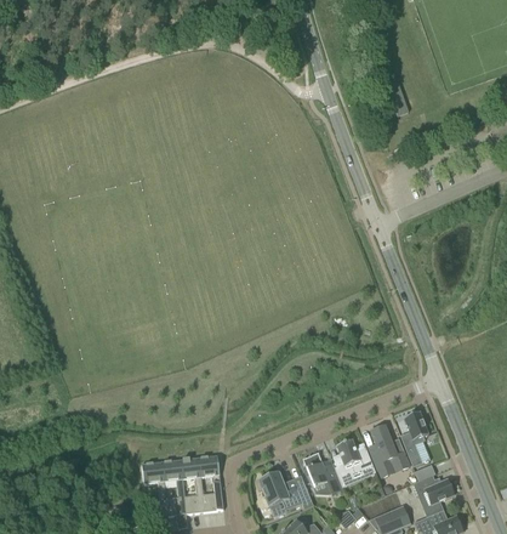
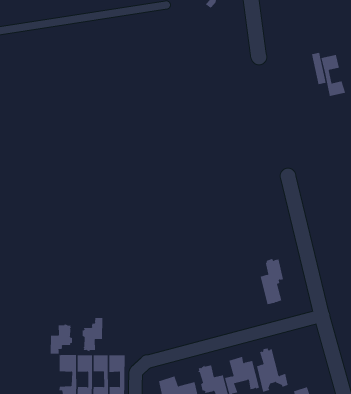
building: none -> [321,54,346,97]
building: [400,413,429,467] -> [260,258,284,305]
building: none -> [82,317,103,352]
building: none -> [50,324,73,355]

